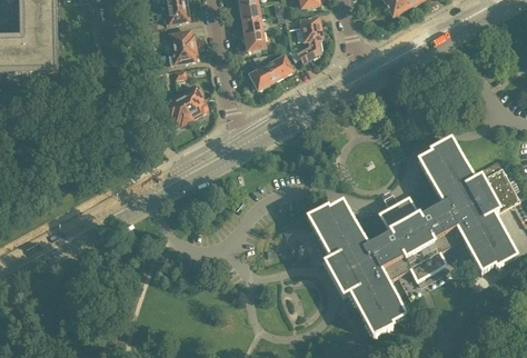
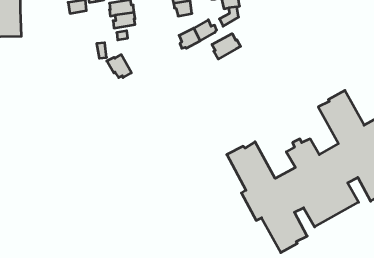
building: none -> [212,34,241,59]
building: [179,84,206,118] -> none

